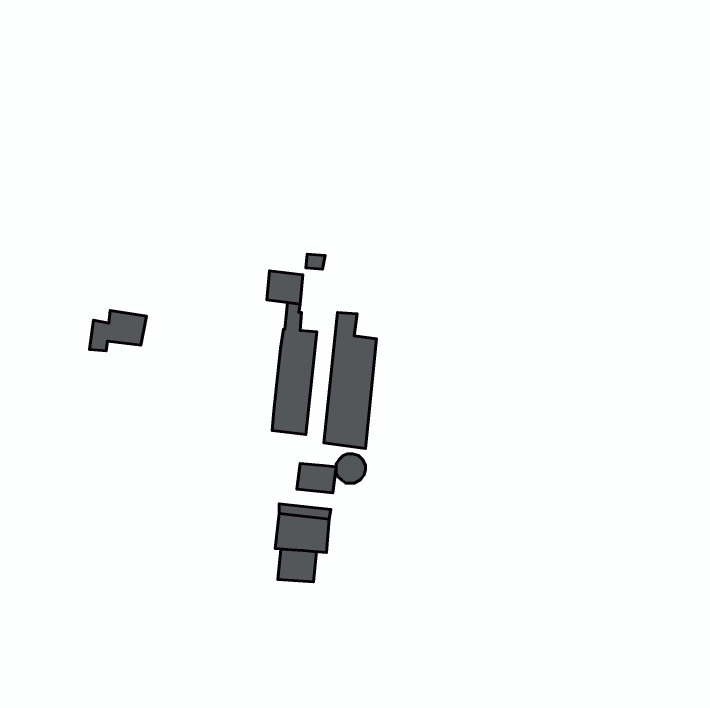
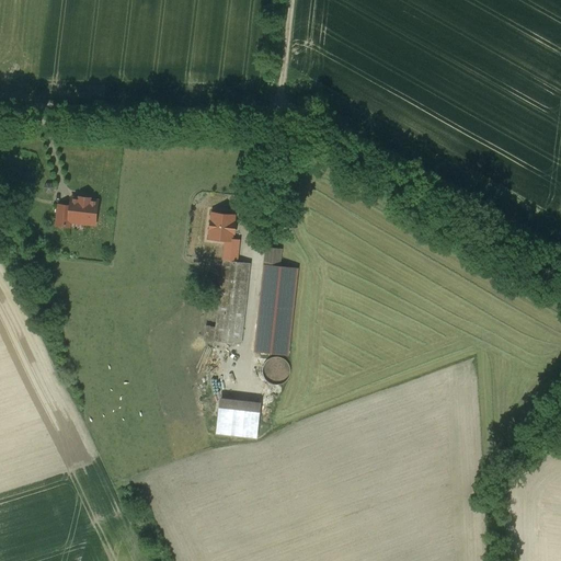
building: [89,311,146,351] -> [56,195,101,227]
building: [297,463,336,493] -> none
building: [278,549,317,582] -> none

